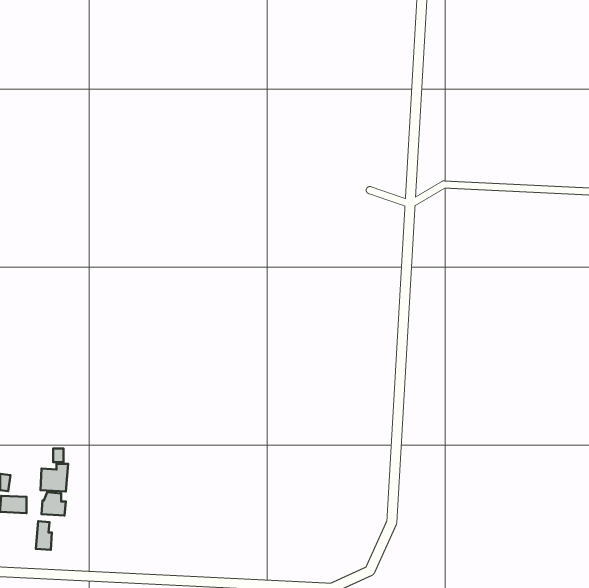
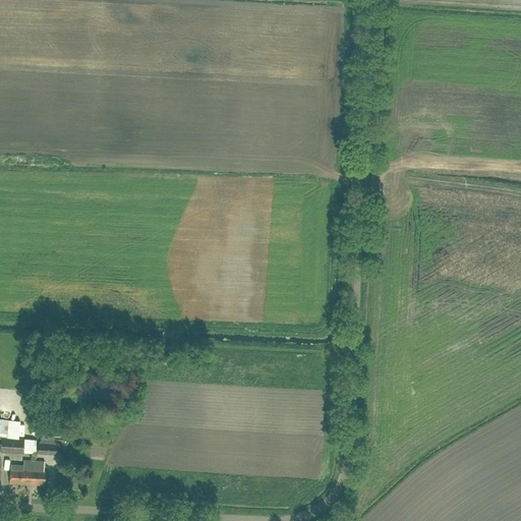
building: [40,464,68,491] -> [9,461,34,485]

